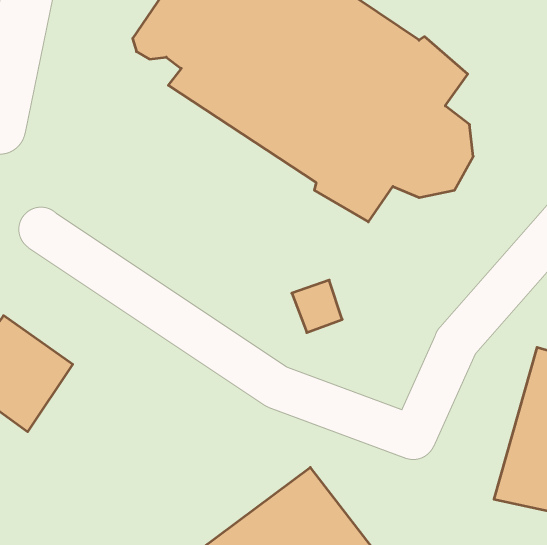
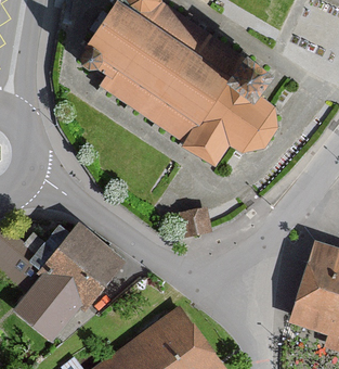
building: none -> [12,221,127,343]

